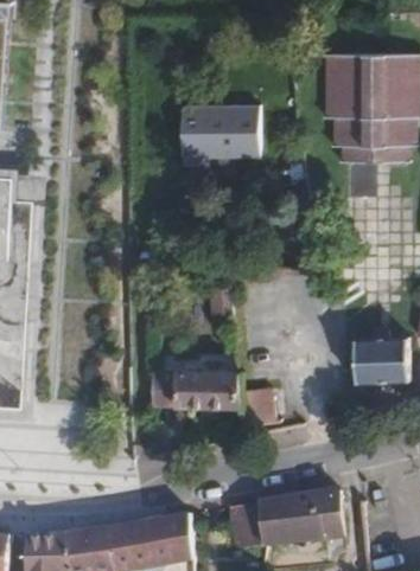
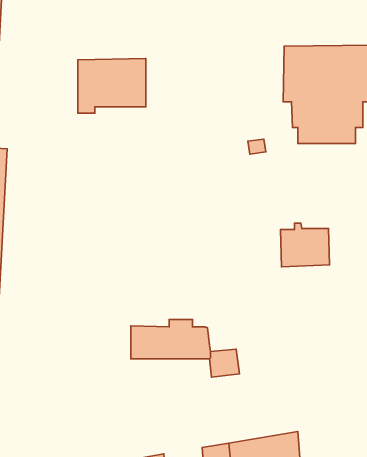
building: [178,101,254,161] -> [78,59,146,113]
building: [352,331,407,379] -> [281,223,330,267]

